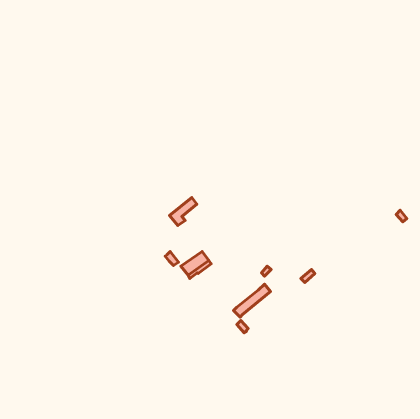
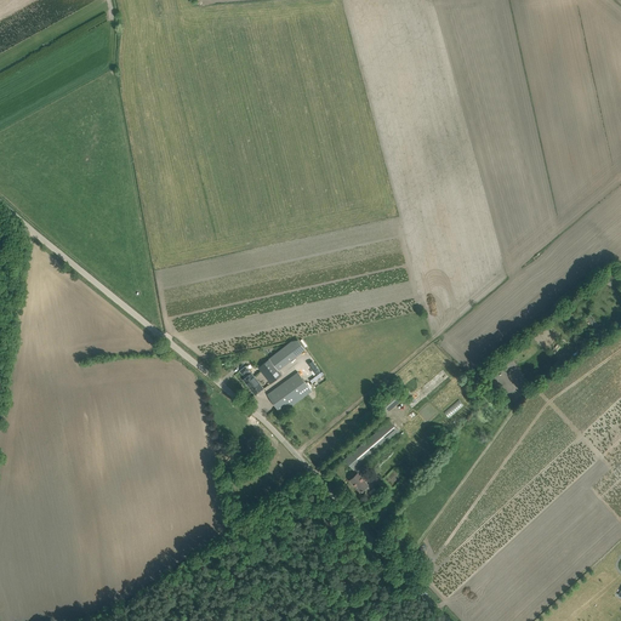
building: [170,198,197,225] -> [260,340,300,381]

